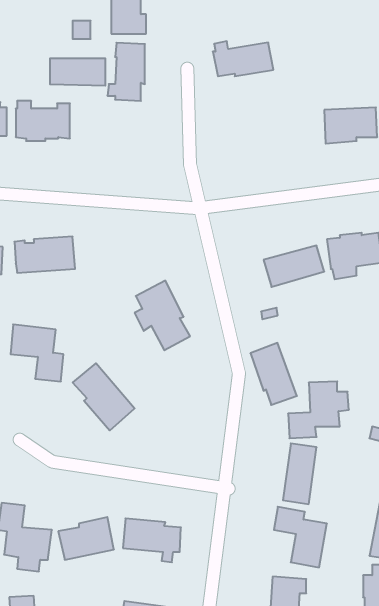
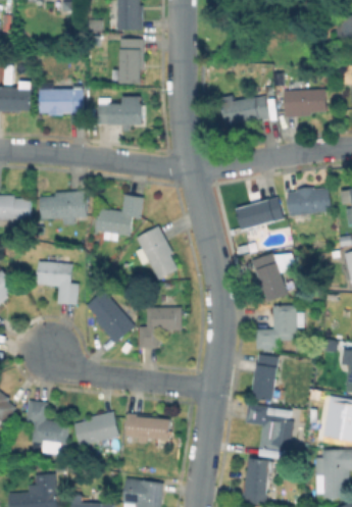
building: [213,41,273,76] -> [222,96,270,123]
building: [50,58,105,86] -> [99,104,143,125]
building: none -> [90,195,143,236]
building: [250,343,297,405] -> [252,253,289,302]
building: none -> [137,307,182,348]

